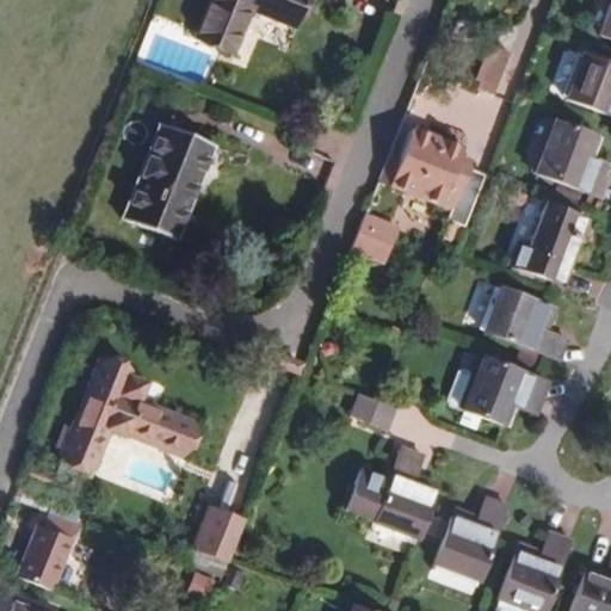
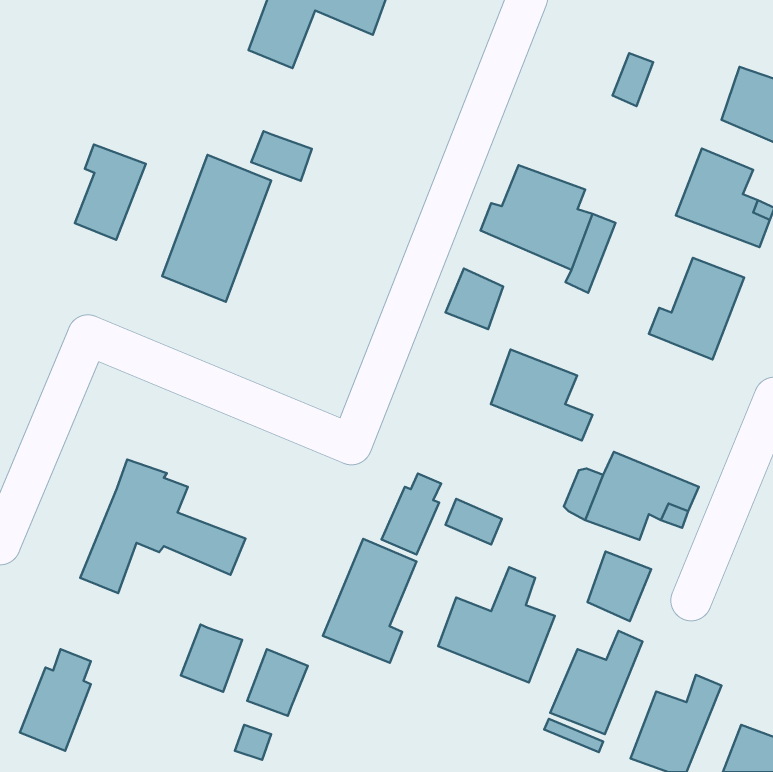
building: none -> [251,131,312,181]
building: none -> [75,144,146,240]
building: [487,286,567,358] -> [491,350,592,441]
building: none -> [382,474,441,555]
building: none -> [323,539,416,663]
building: none -> [587,551,651,621]
building: none -> [181,625,242,692]

